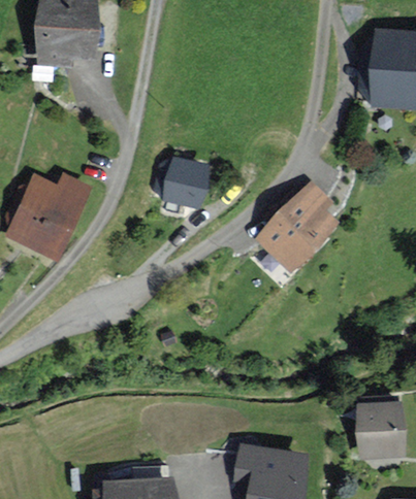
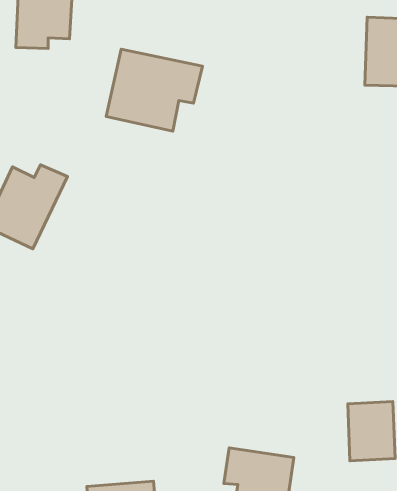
building: none -> [106,49,203,131]
building: [166,159,205,204] -> none
building: [258,184,335,268] -> none

